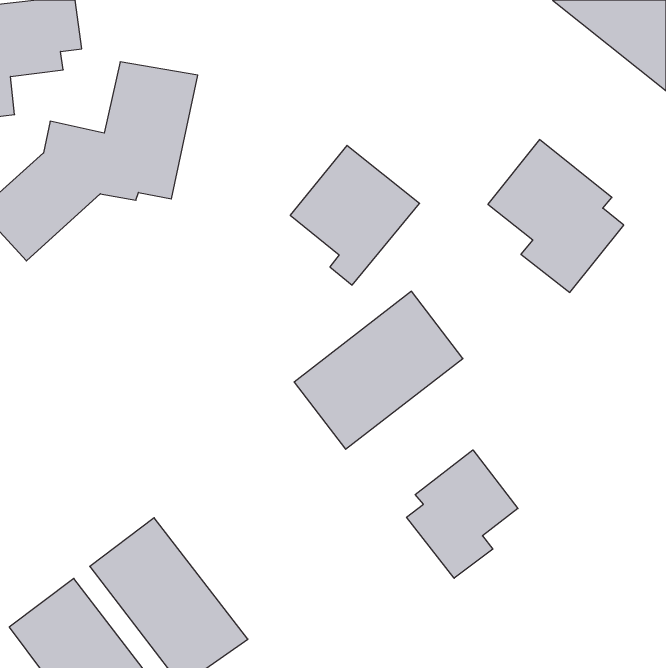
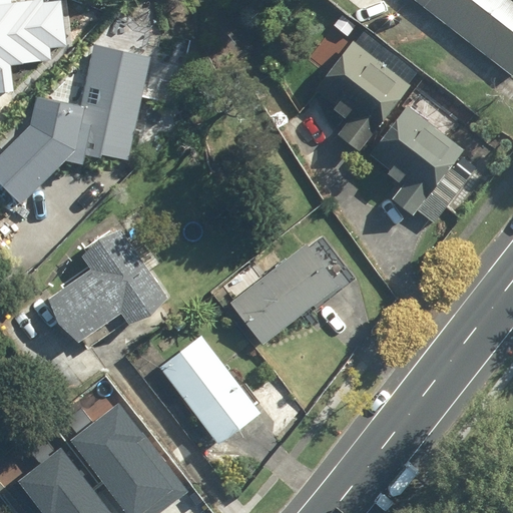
building: [290,145,420,285] -> [315,40,413,146]
building: none -> [48,227,171,342]
building: none -> [133,339,264,444]
building: [407,450,518,578] -> none

